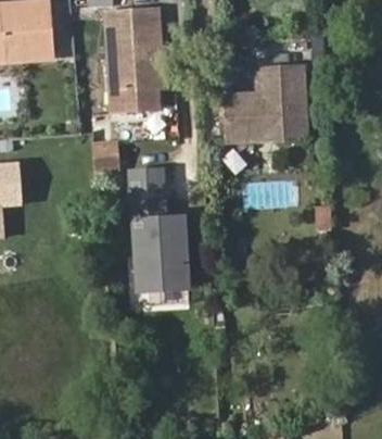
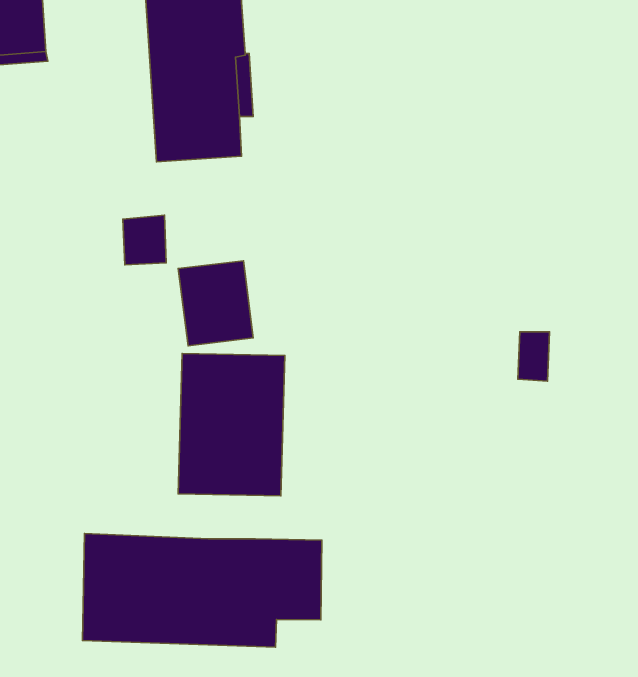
building: [224,64,308,142] -> none
building: none -> [82,533,322,647]

